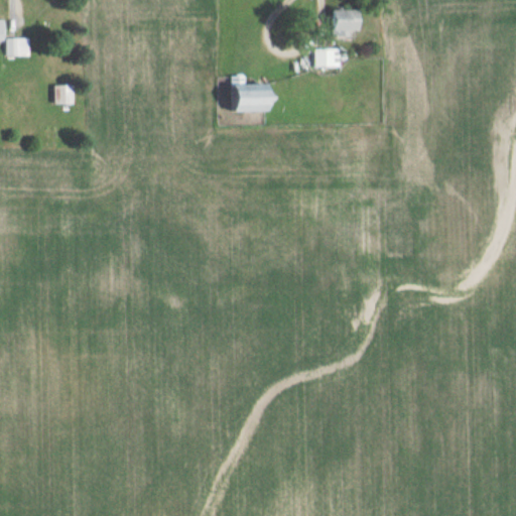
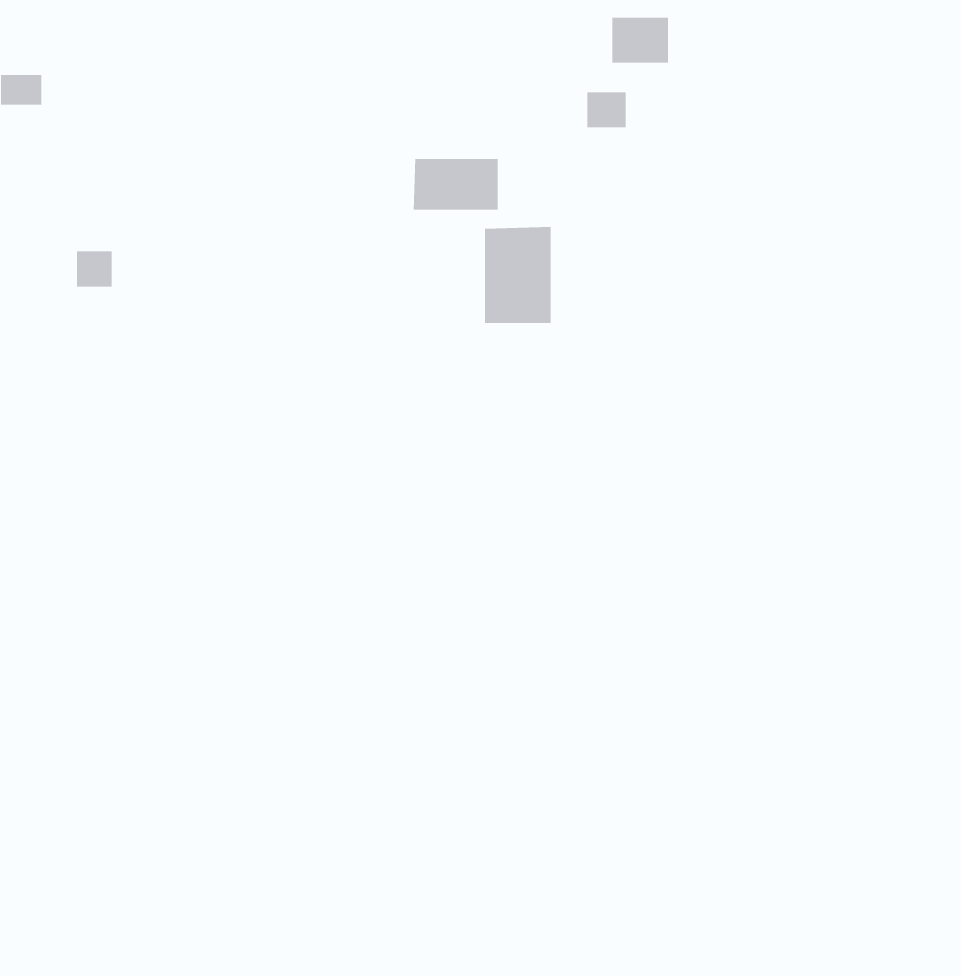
building: [55,86,75,105] -> [76,251,112,287]
building: none -> [484,226,551,324]

